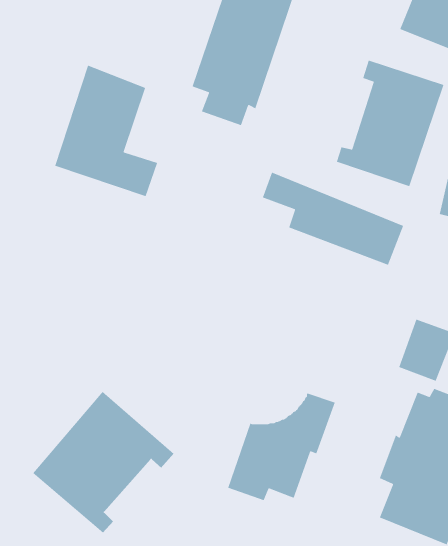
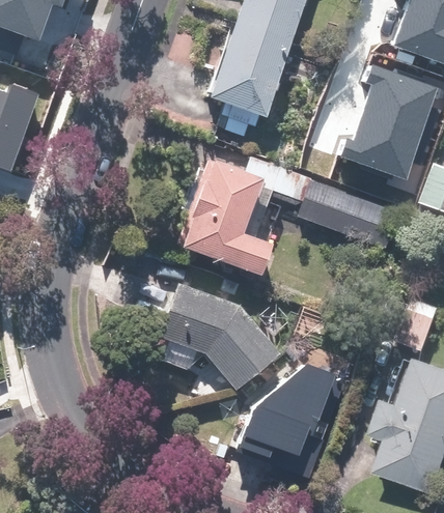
building: [54,65,158,197] -> [186,155,276,270]
building: none -> [166,279,283,390]
building: [32,391,175,533] -> none

